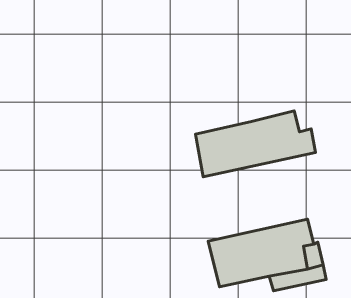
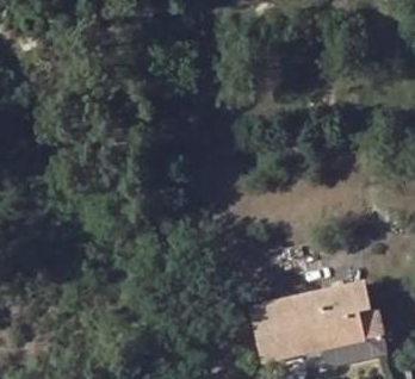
building: [196,111,315,177] -> none

